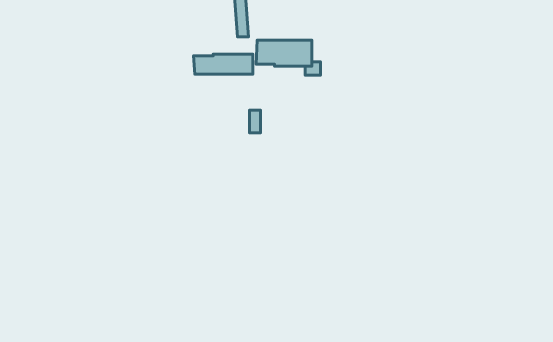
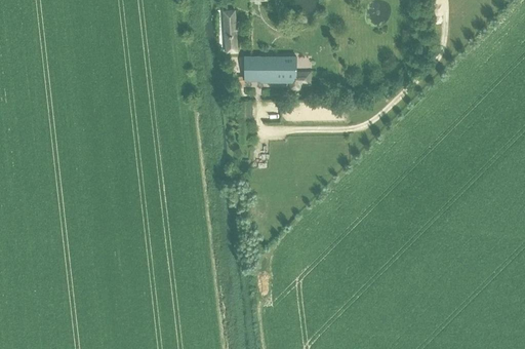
building: [194,54,253,74] -> none

